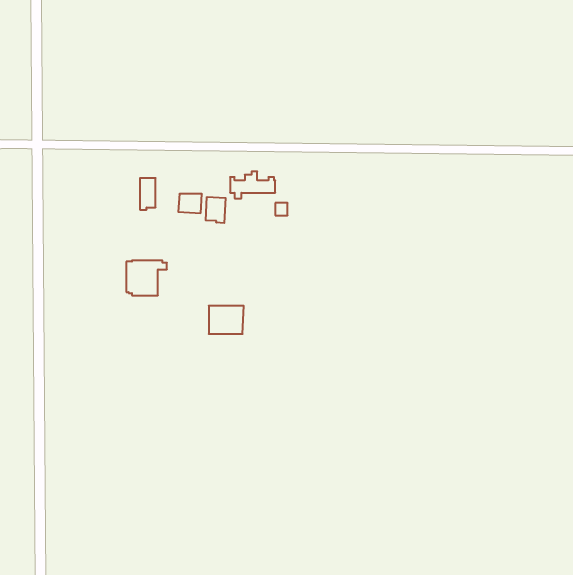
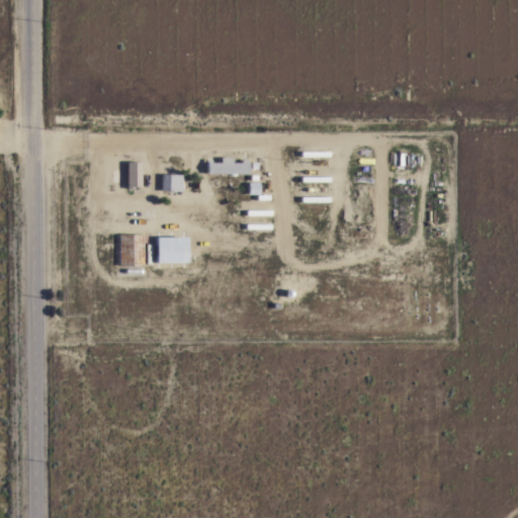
building: [206,197,226,223] -> none
building: [209,306,244,334] -> [157,238,188,263]

